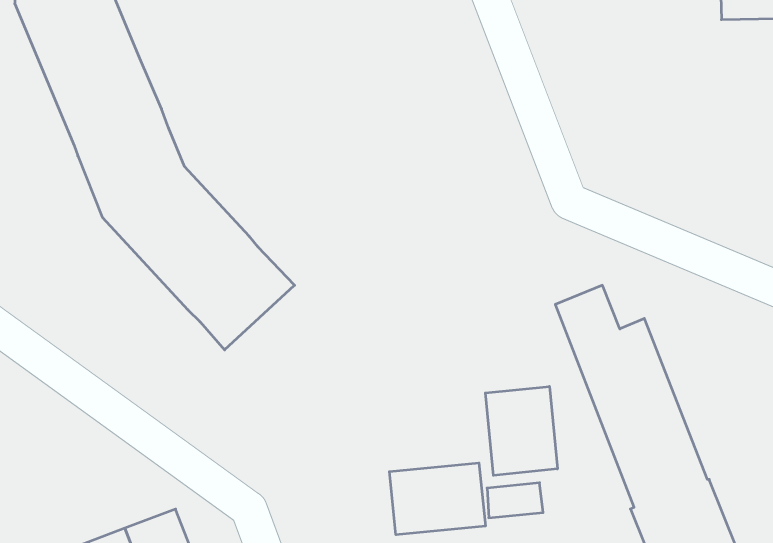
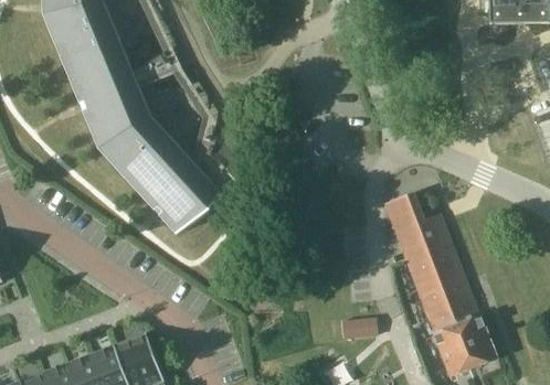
building: [485,386,557,475] -> none
building: [389,463,485,535] -> none

